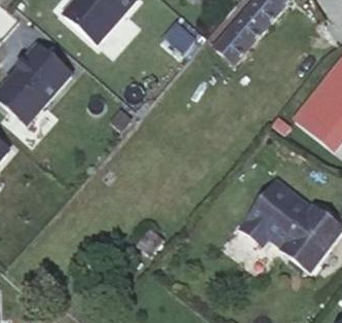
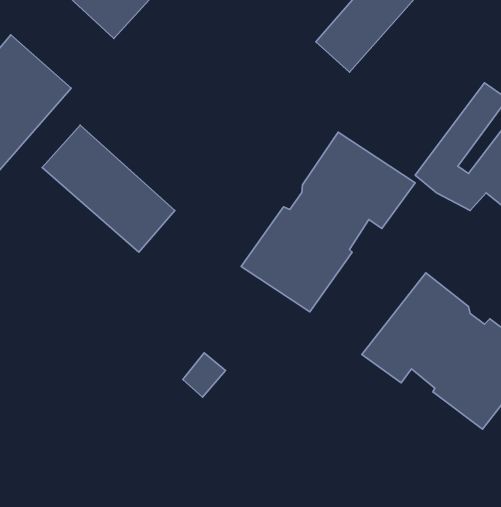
building: none -> [42,125,175,252]
building: none -> [241,132,415,312]

